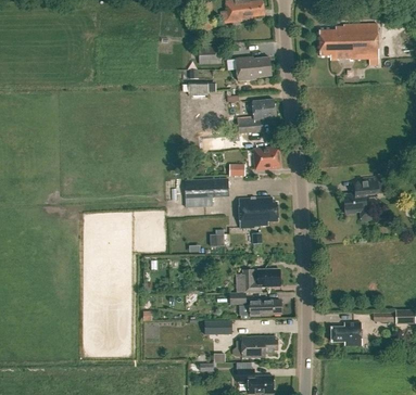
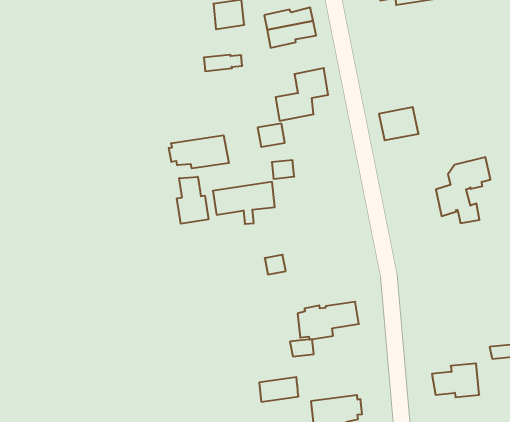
building: none -> [169,135,229,168]
building: [253,146,280,168] -> [379,107,419,140]
building: none -> [177,177,208,224]
building: [239,197,277,228] -> none
building: [240,300,281,318] -> none

